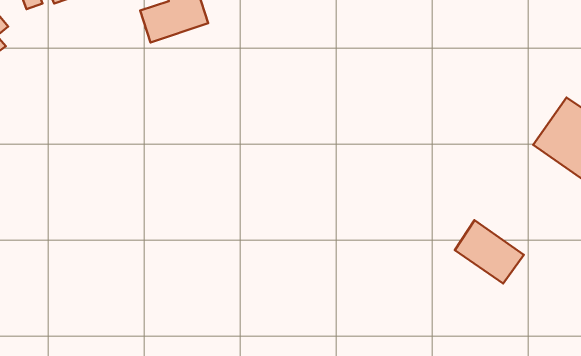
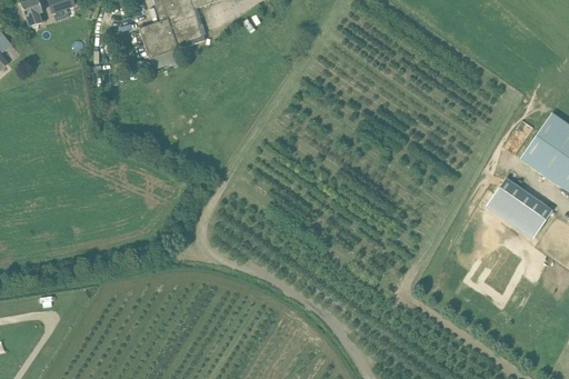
building: [455,220,524,283] -> [487,176,553,237]

